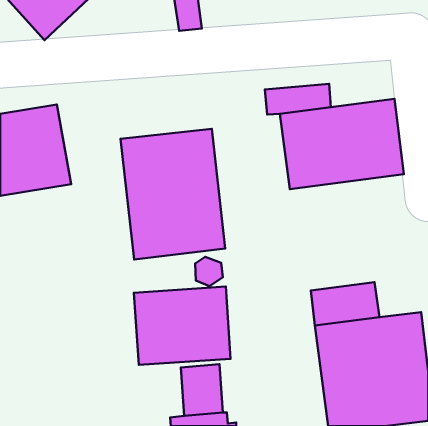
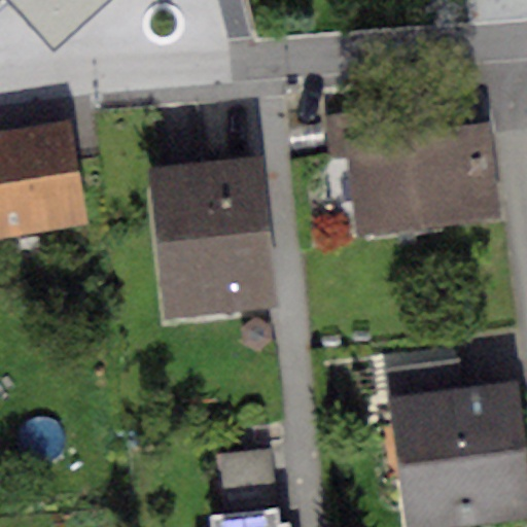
building: [134,286,230,365] -> none

